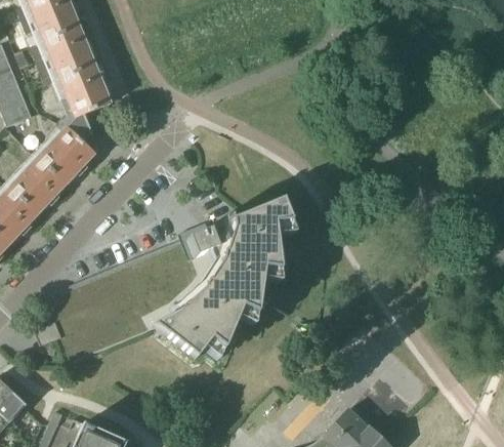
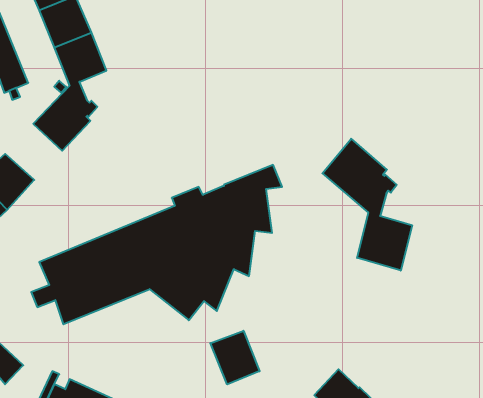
building: [7,158,66,215] -> none
building: none -> [322,139,412,271]
building: none -> [210,331,260,384]

